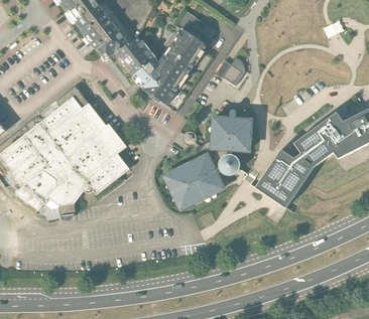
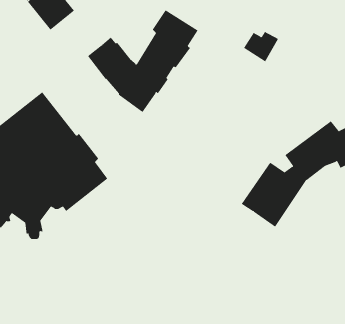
building: [82,12,128,59] -> none
building: [217,55,249,84] -> [243,31,279,62]
building: [163,109,252,210] -> none

